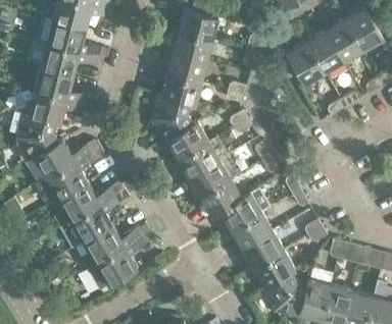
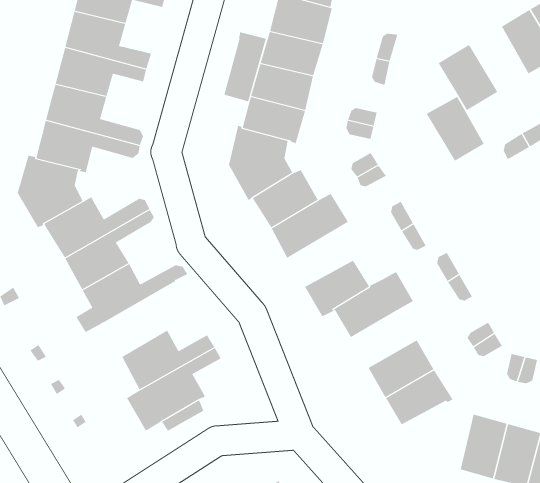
building: [306,31,344,72] -> [426,96,485,161]
building: none -> [224,31,266,102]
building: [189,156,240,198] -> none
building: [70,194,122,242] -> none
building: [230,212,273,250] -> none
building: [260,271,307,318] -> none

